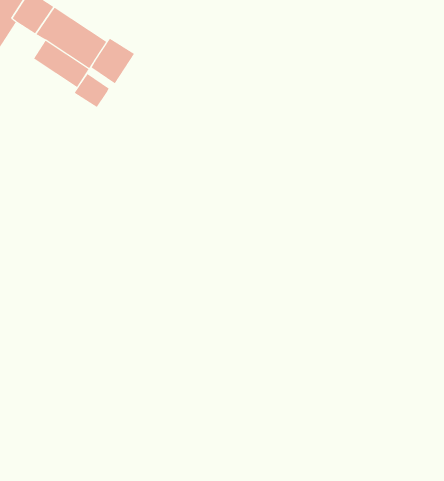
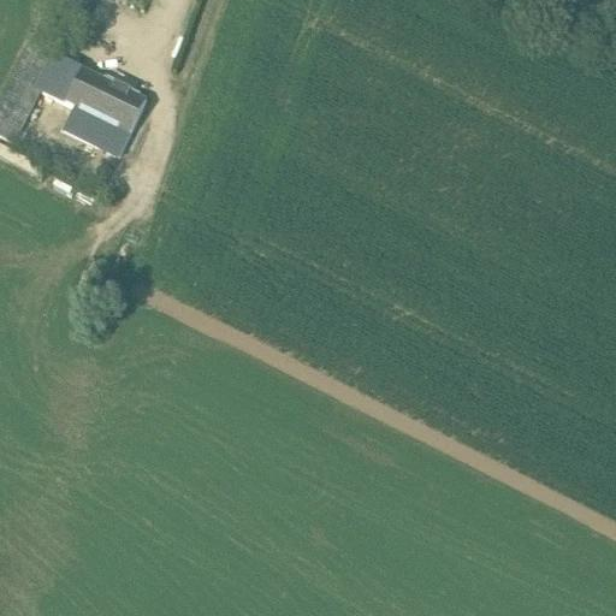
building: [91,38,135,84] -> none
building: [74,73,109,108] -> none

